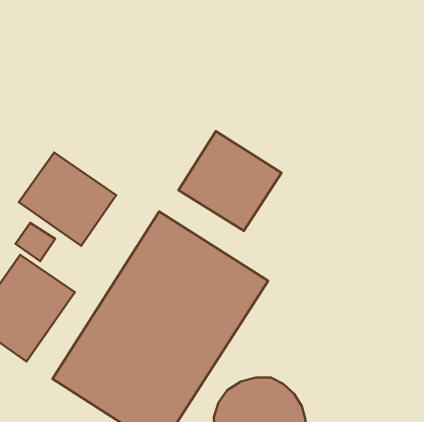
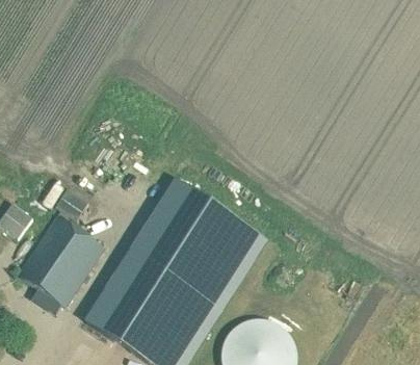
building: [179,131,281,231] -> none
building: [19,153,116,246] -> none

